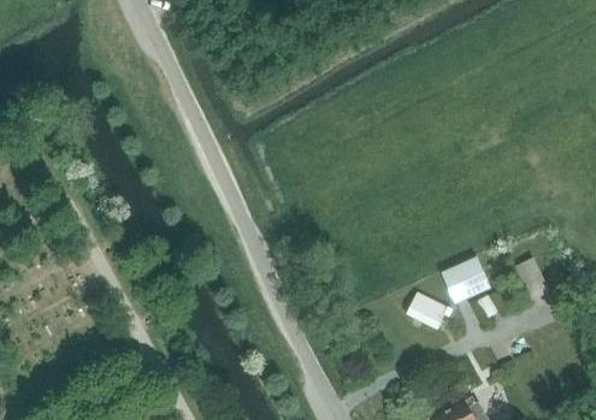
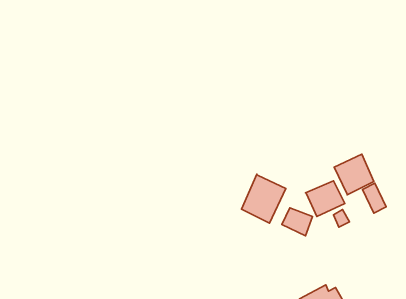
building: none -> [334,154,374,195]
building: none -> [242,174,286,223]

